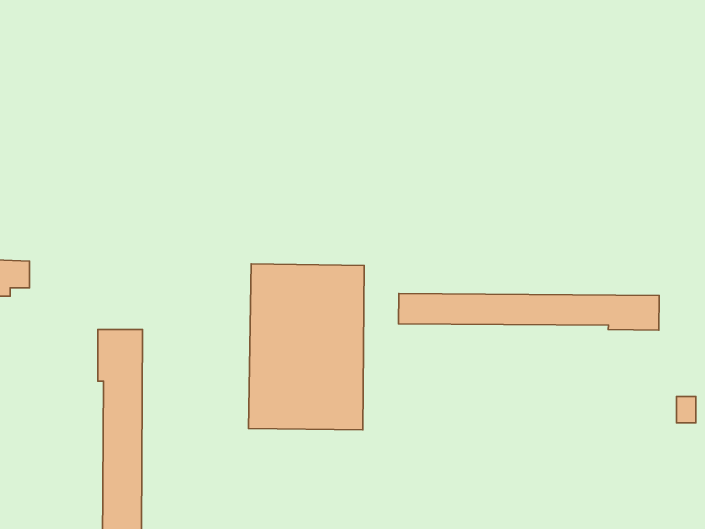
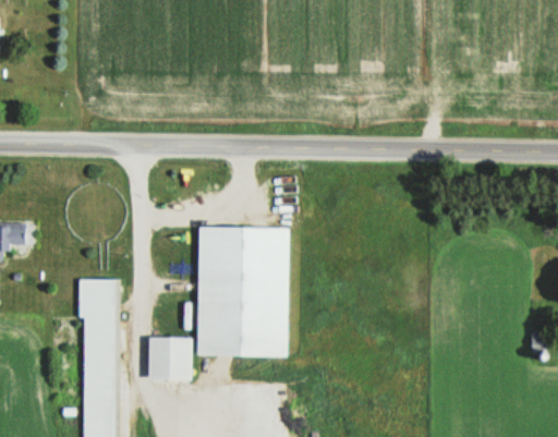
building: [398,293,659,330] -> none
building: none -> [149,337,192,380]

